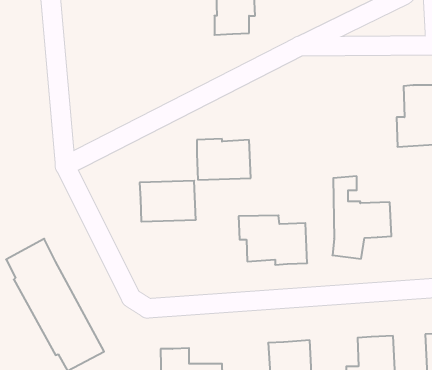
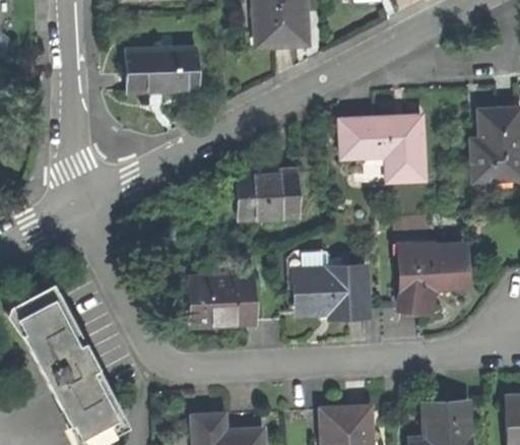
building: none -> [126,48,197,93]
building: none -> [338,114,422,181]
building: [140,181,196,222] -> [188,275,254,323]

